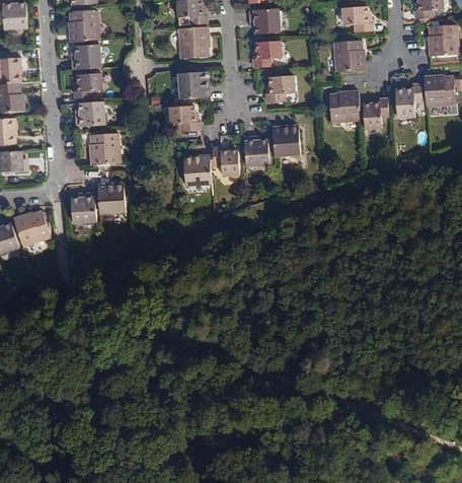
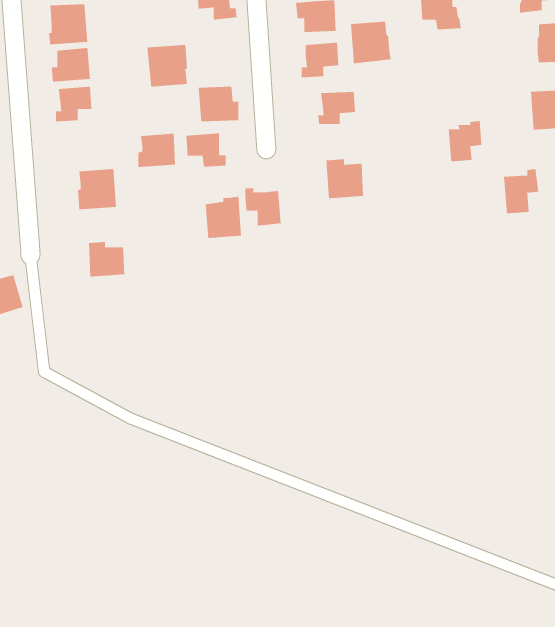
building: [178,25,209,57] -> [146,44,188,87]
building: [334,40,365,71] -> [350,21,391,64]
building: [395,83,421,117] -> [503,168,539,214]
building: [329,90,360,121] -> none
building: [75,100,103,126] -> [137,133,176,168]
building: [245,136,271,166] -> none
building: [71,192,95,222] -> none

